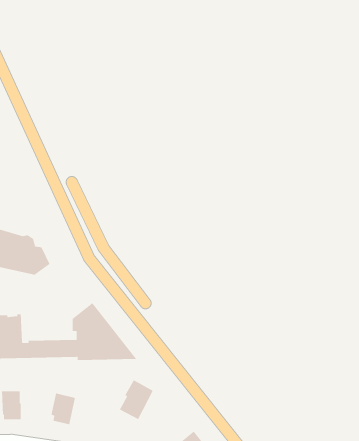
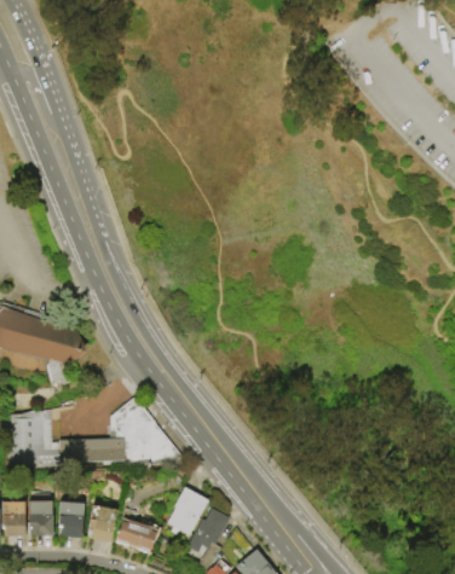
building: none -> [57,500,83,537]
building: none -> [114,506,156,551]
building: none -> [188,509,230,553]

